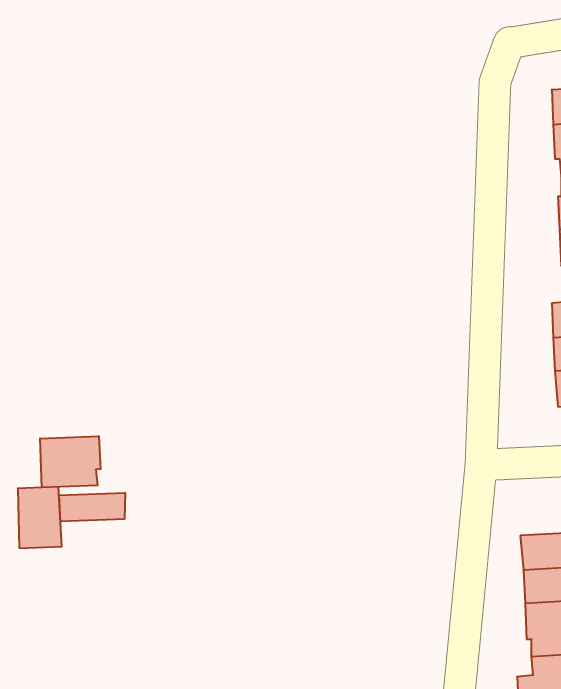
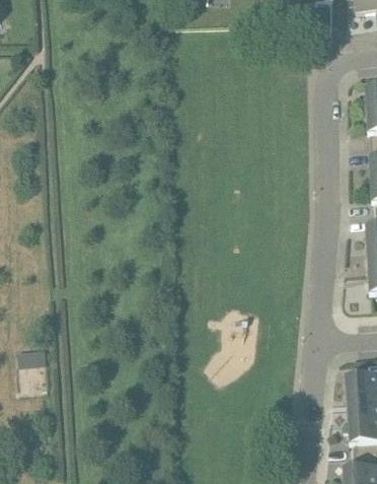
building: [40,436,100,487] -> none
building: [59,493,125,521] -> none

